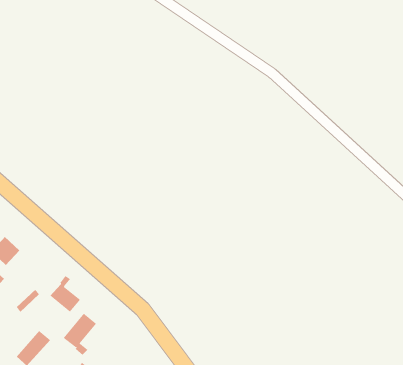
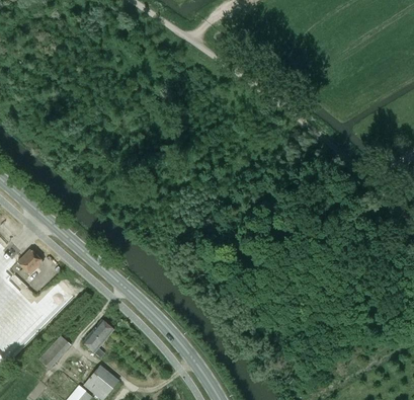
building: [50,275,81,313] -> none

